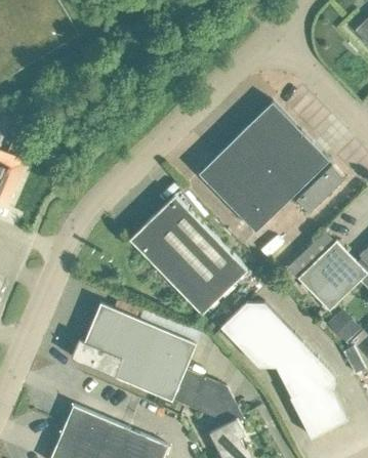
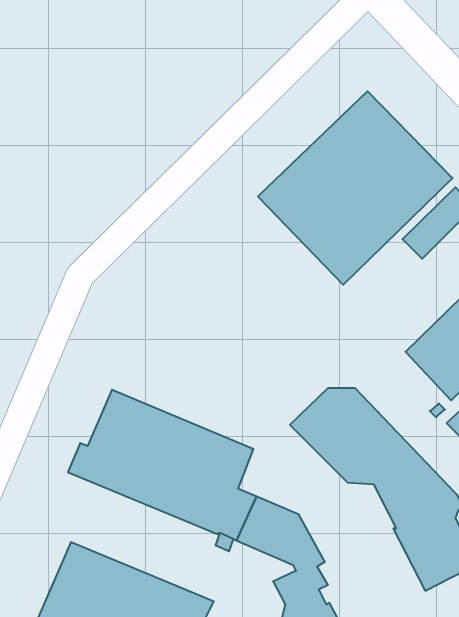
building: [129,196,247,315] -> none

